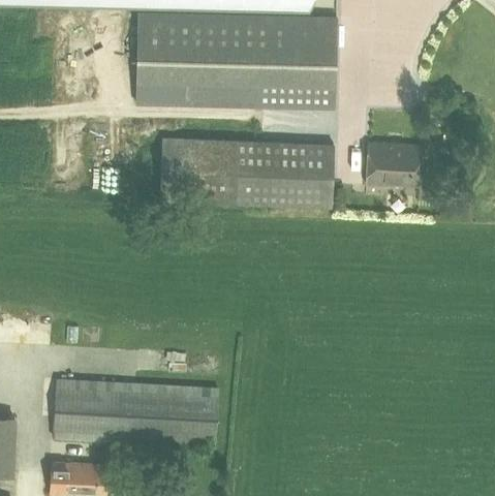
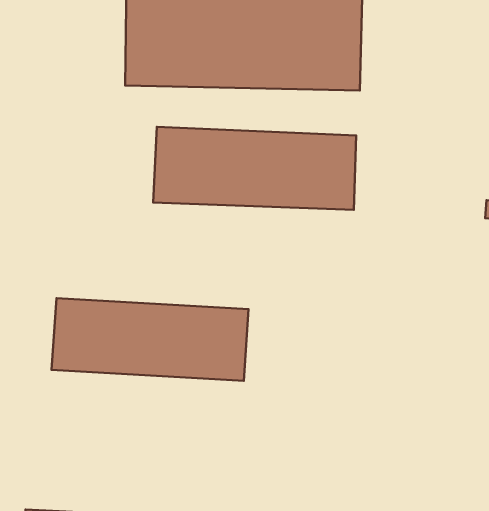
building: [365,143,422,187] -> none
building: [52,378,219,448] -> [52,298,249,381]

